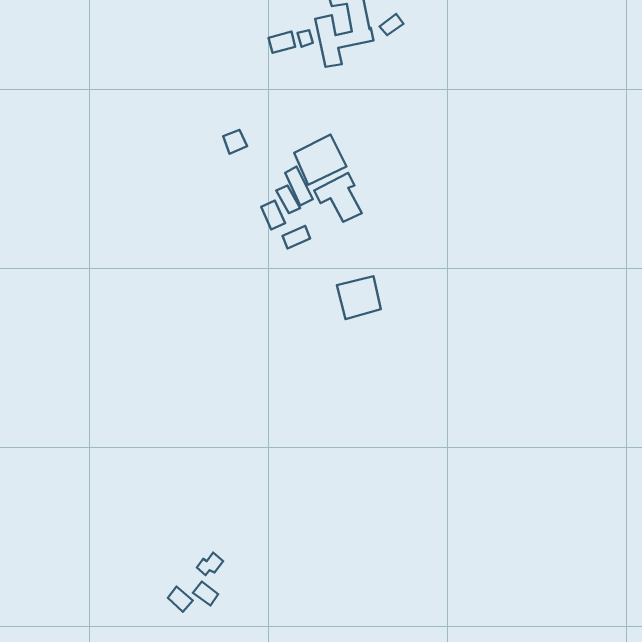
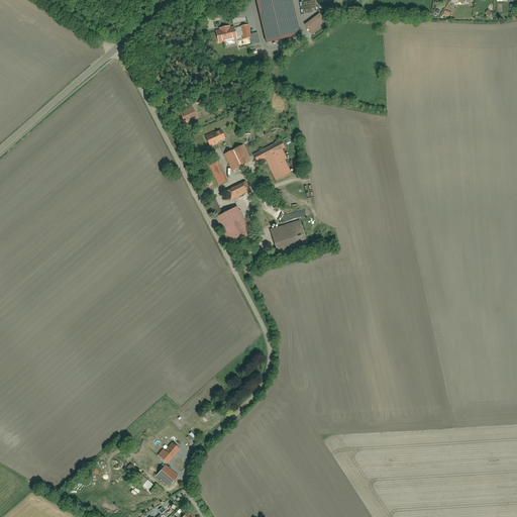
building: [294,135,346,185] -> none
building: none -> [215,205,251,244]

